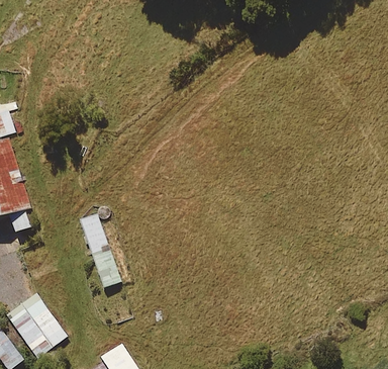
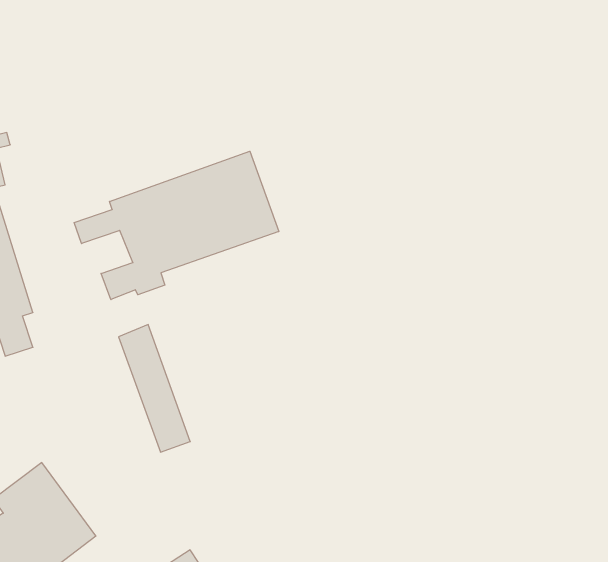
building: none -> [74,151,279,300]

